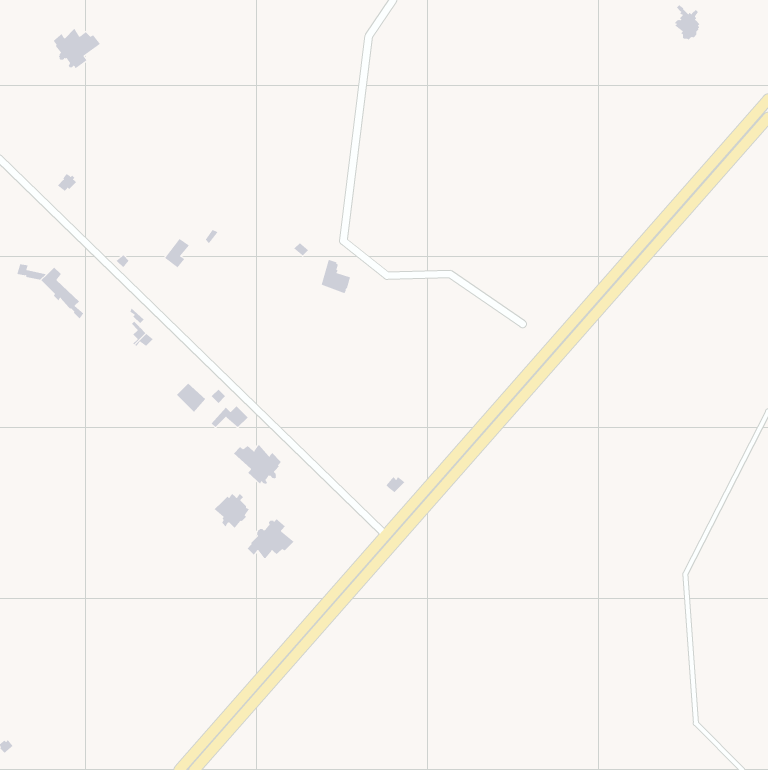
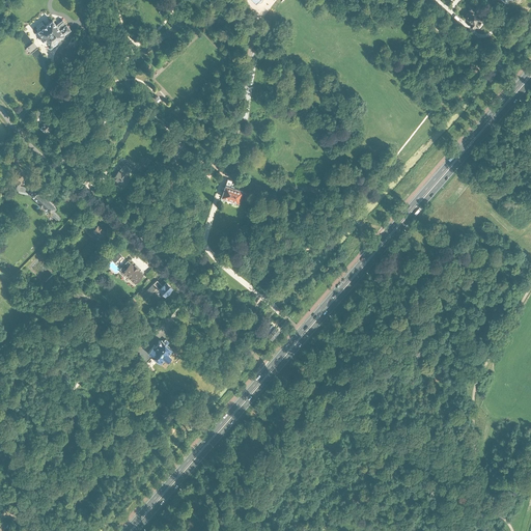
building: [233,445,282,485] -> none
building: [247,518,294,559] -> none

